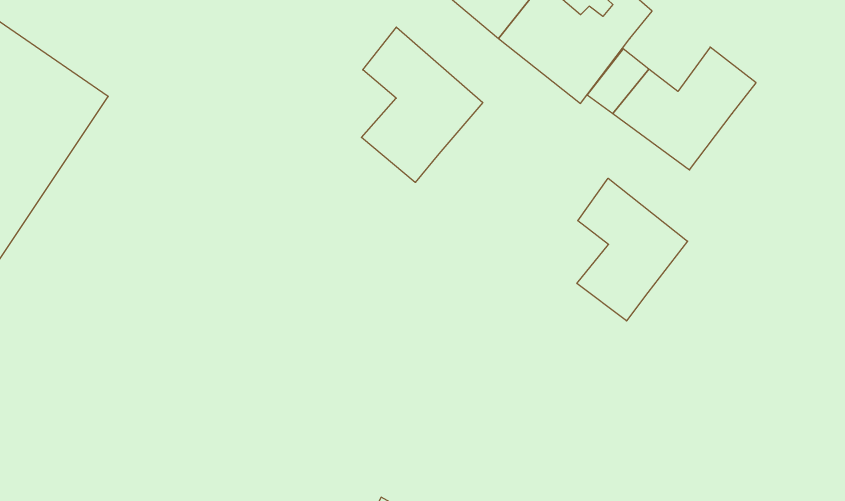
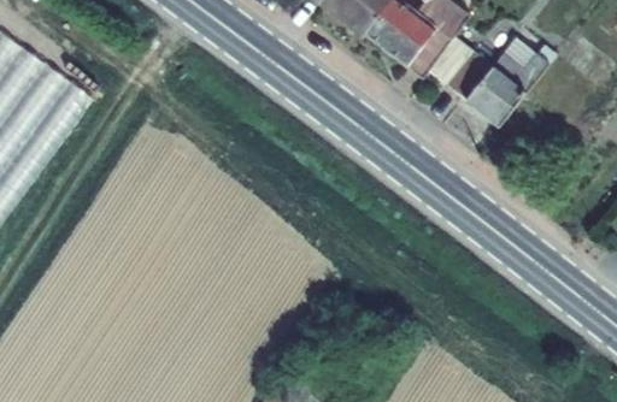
building: [361,27,483,182] -> none
building: [577,178,688,321] -> none

